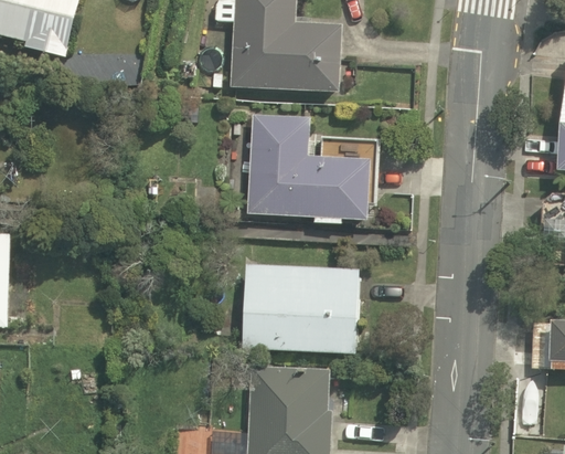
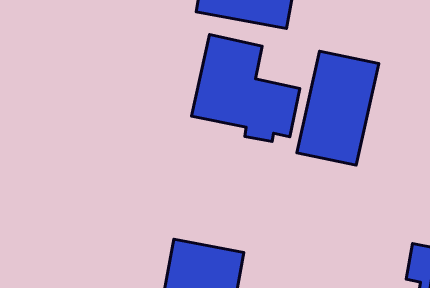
building: none -> [297,51,379,165]
building: [239,264,361,352] -> none

